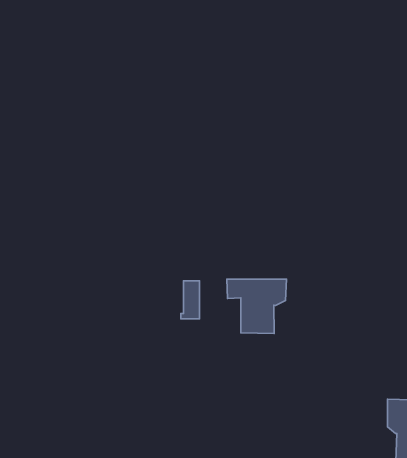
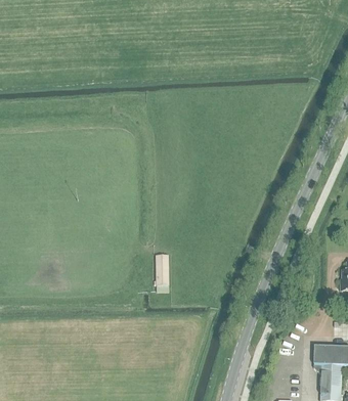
building: [227,279,287,334] -> none

